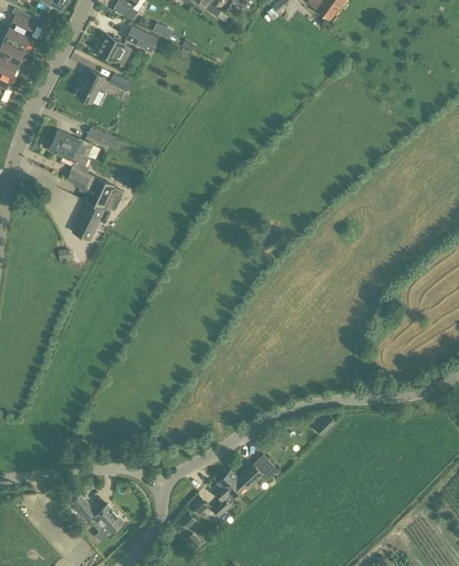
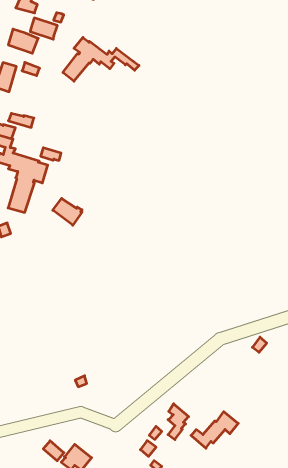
building: none -> [63,37,139,81]
building: none -> [53,198,82,225]
building: [223,454,278,492] -> [191,412,238,448]

